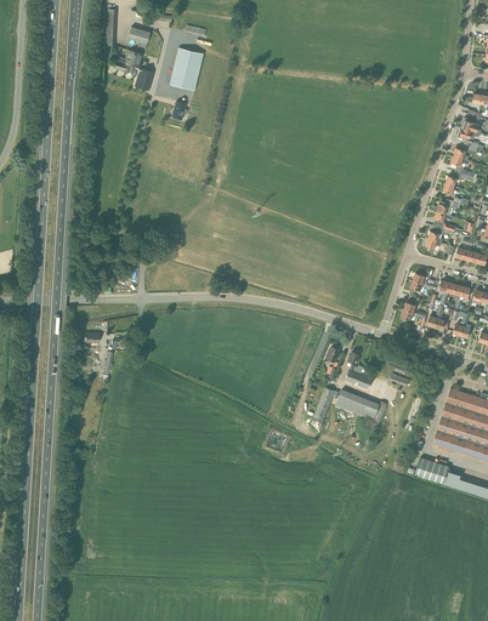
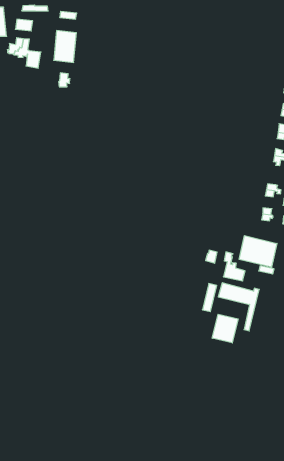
building: none -> [239,236,277,267]
building: none -> [212,314,238,343]

